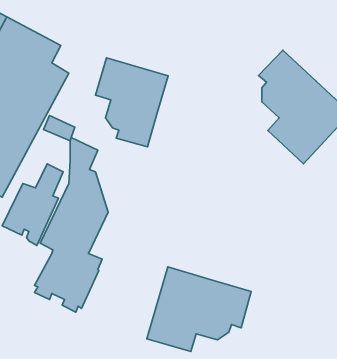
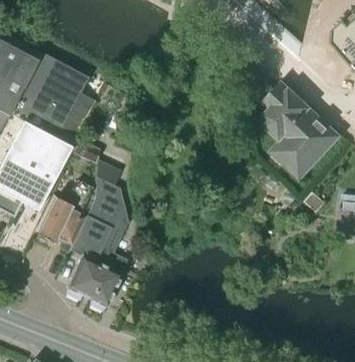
building: [96,58,168,147] -> none
building: [147,267,251,351] -> none

